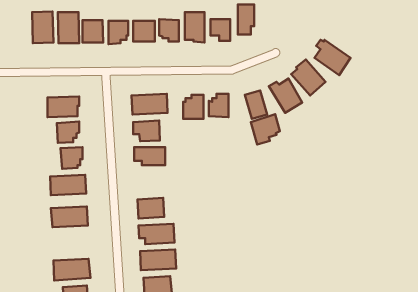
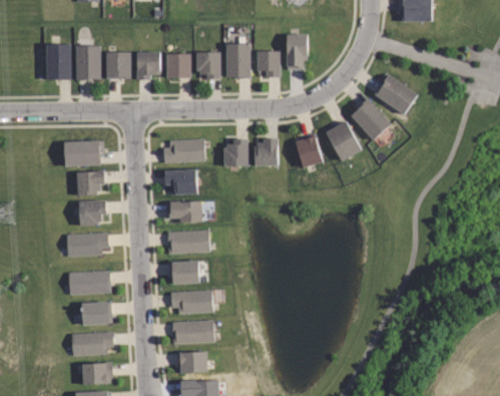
building: [251,114,280,144] -> none
building: none -> [168,230,210,254]
building: none -> [82,301,109,324]

